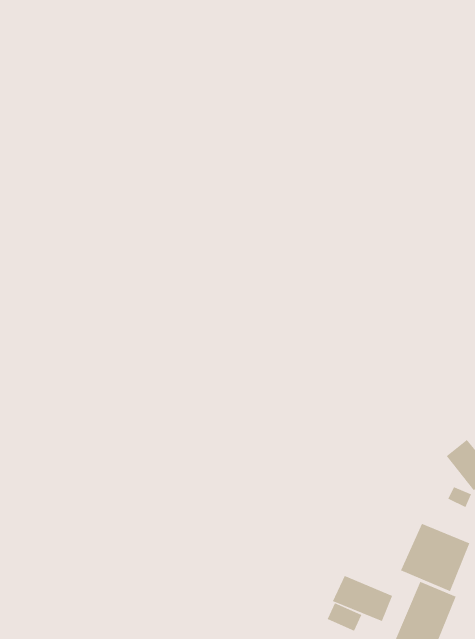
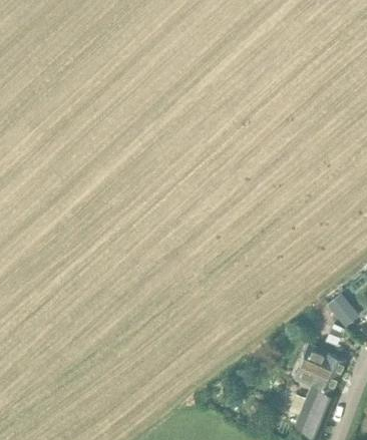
building: [332,575,393,622] -> none

